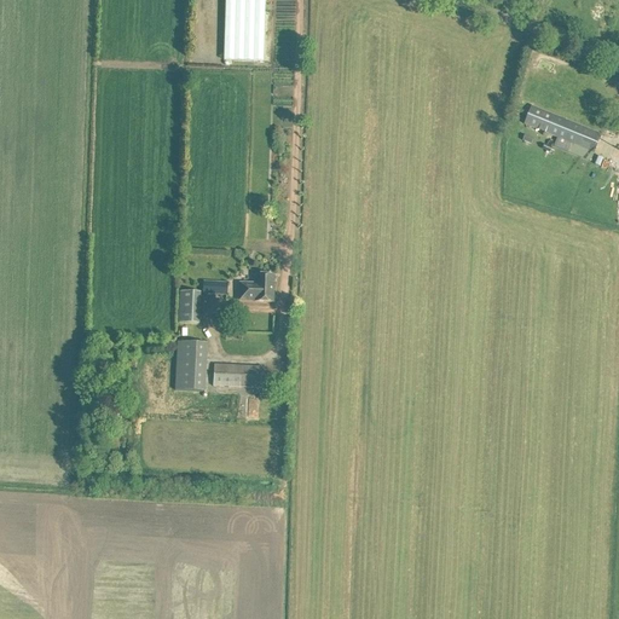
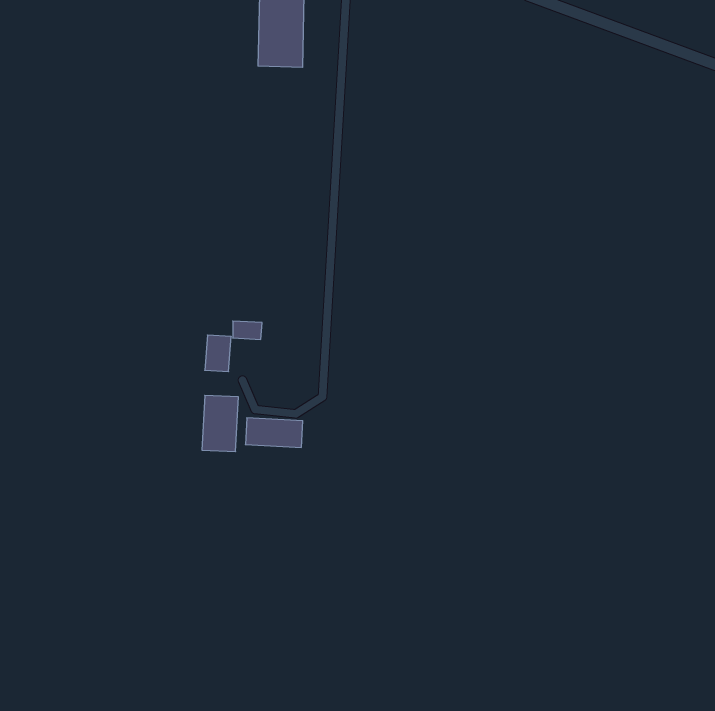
building: [525,103,601,160] -> none
building: [238,273,273,301] -> none

